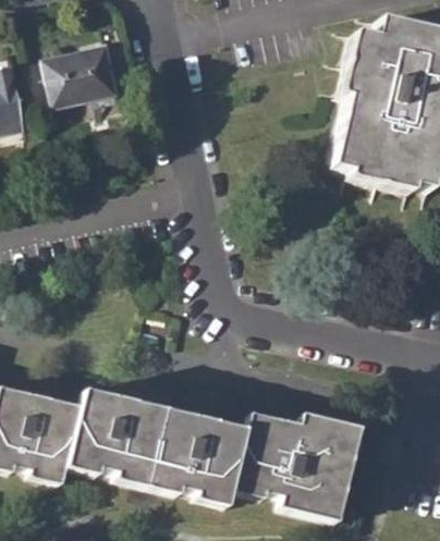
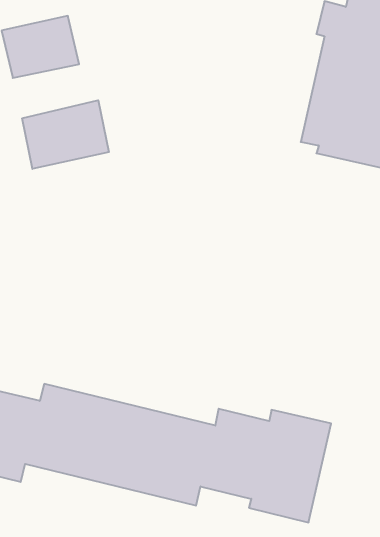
building: none -> [22,100,109,169]

